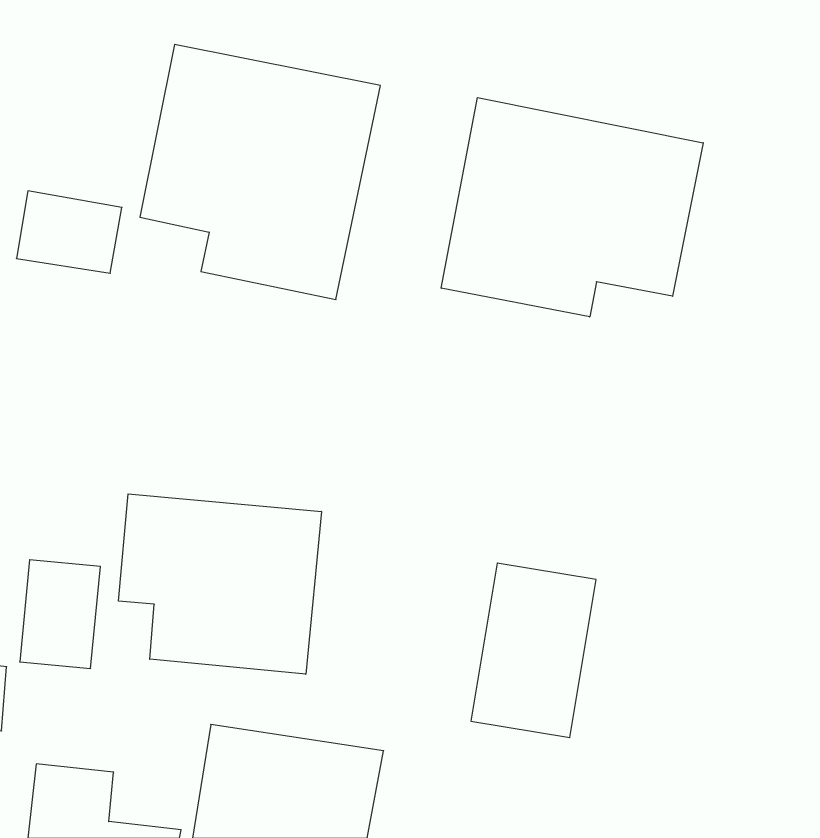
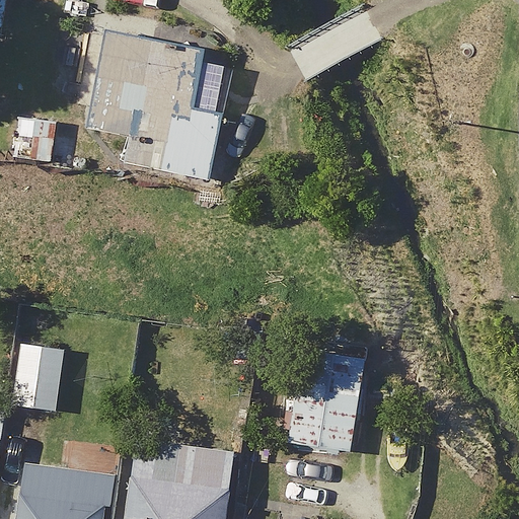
building: [441,98,703,317] -> none
building: [119,494,321,674] -> none

